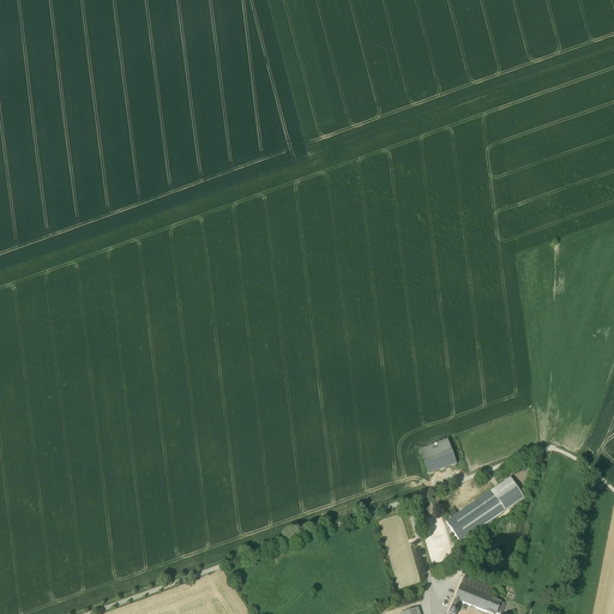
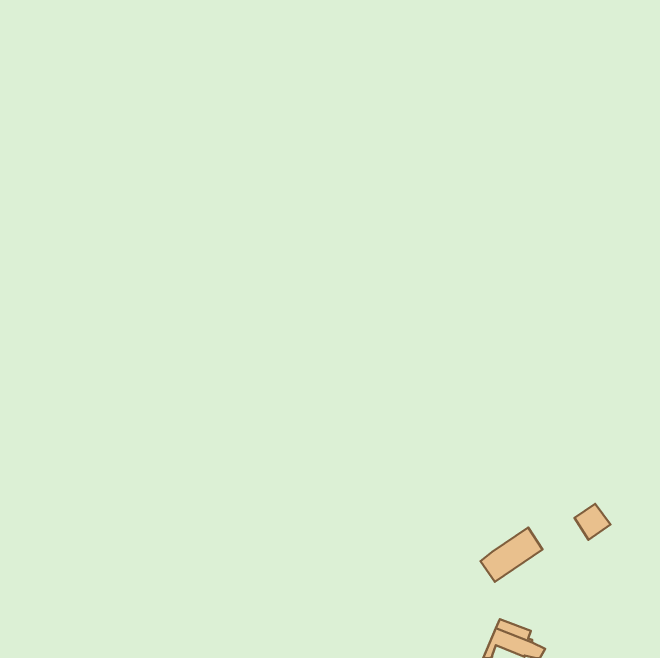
building: [422,444,463,476] -> none
building: [490,476,524,510] -> [574,504,611,540]

